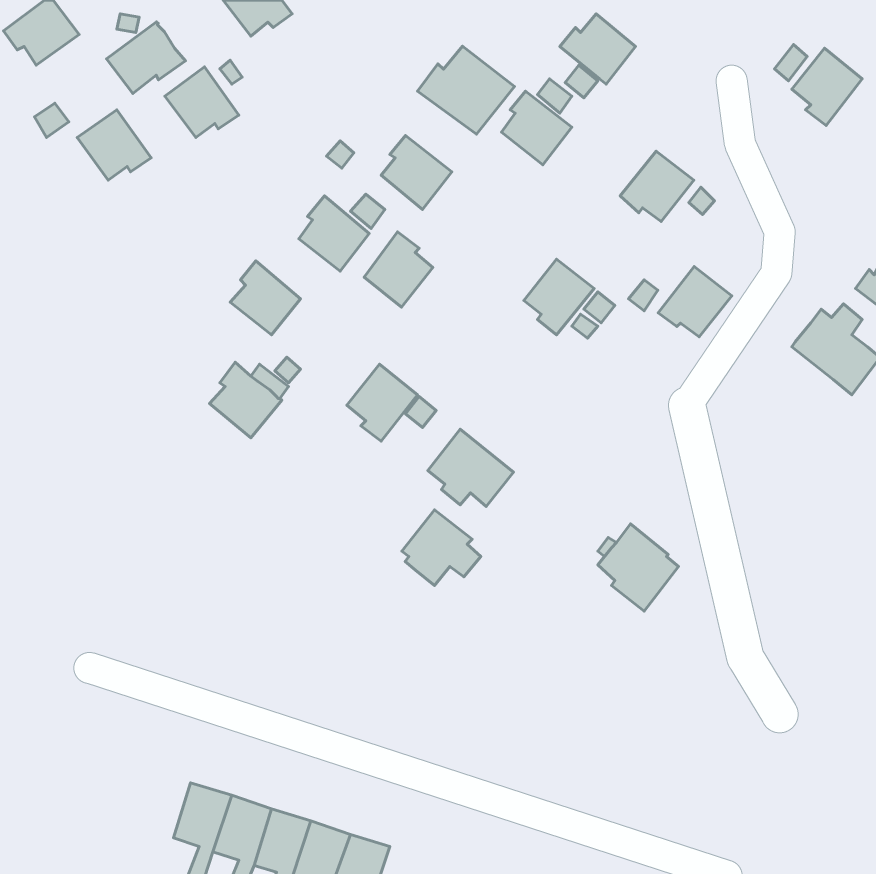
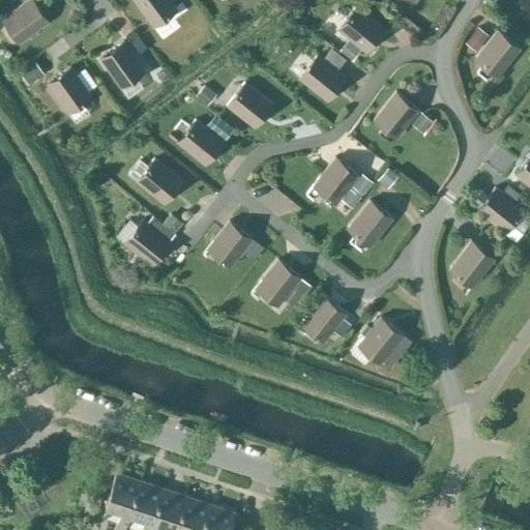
building: [107,22,185,93] -> none
building: [417,46,515,134] -> none
building: [364,232,433,307] -> none
building: [658,266,732,337] -> [349,202,393,244]
building: none -> [450,242,495,285]
building: [402,510,481,586] -> [304,297,352,343]

